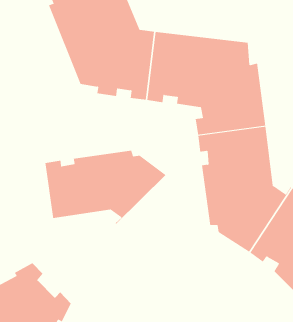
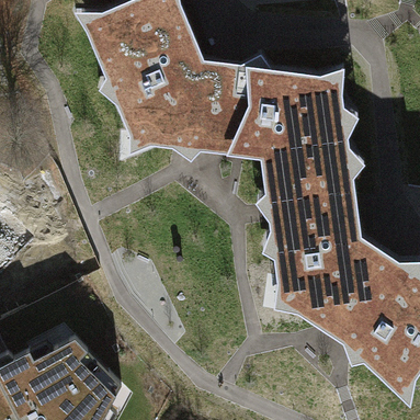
building: [45,150,166,225] -> none

